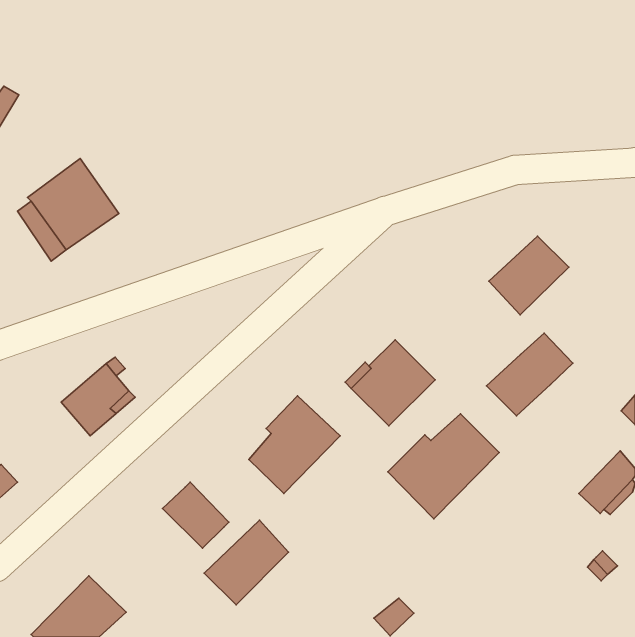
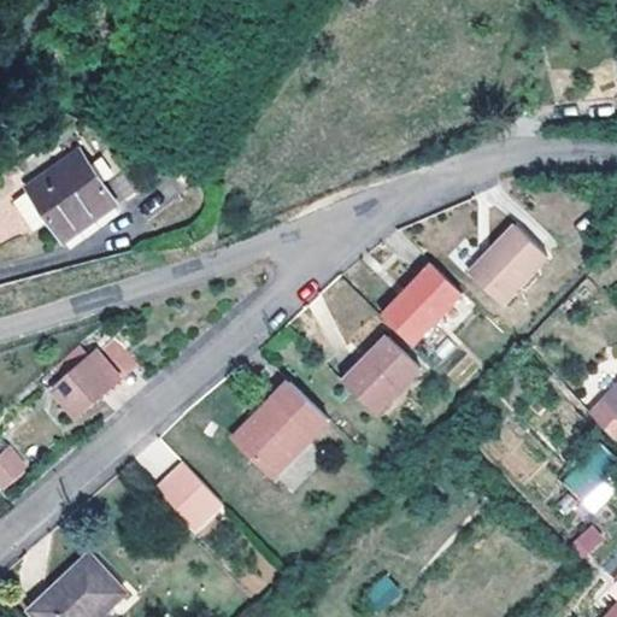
building: [487,333,573,416] -> [380,259,463,339]
building: [388,414,499,519] -> none
building: [204,520,289,605] -> none

